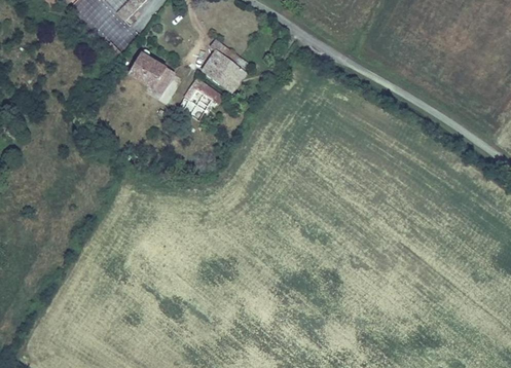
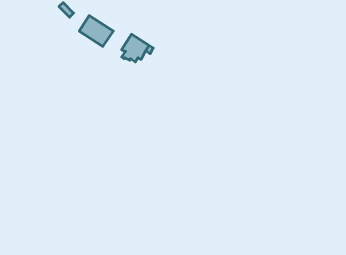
building: [202,48,238,85] -> none

